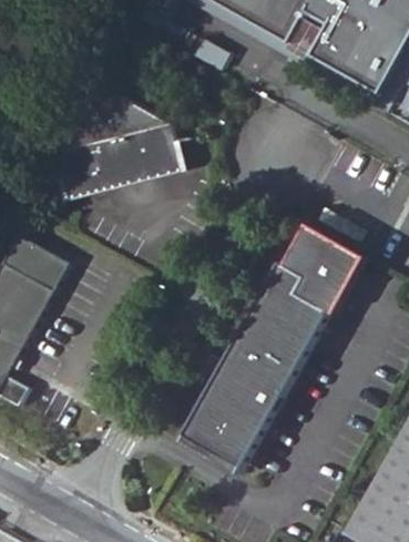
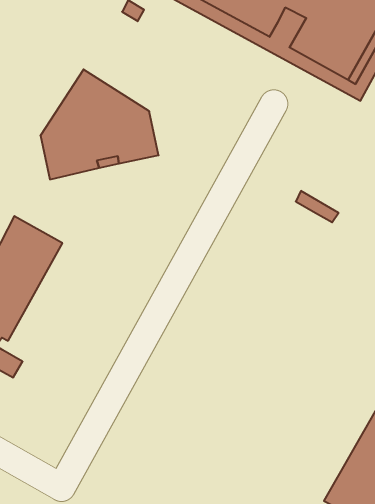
building: [183,223,368,469] -> none

